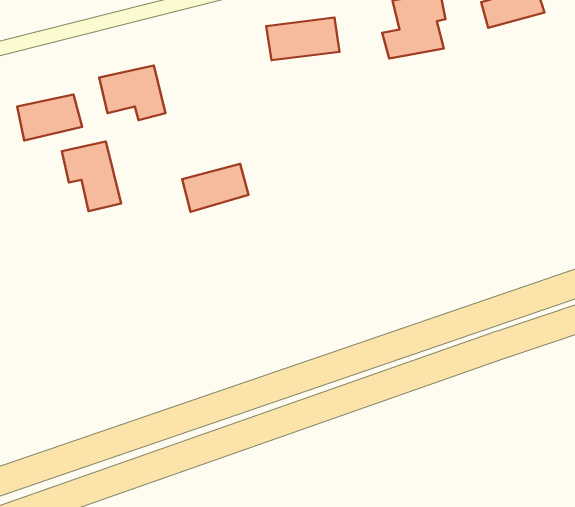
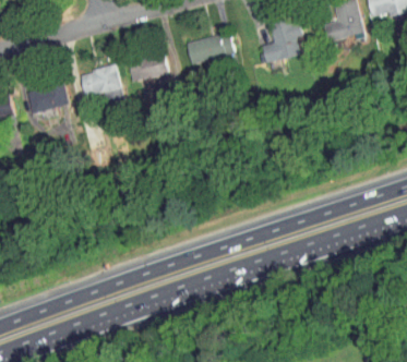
building: [62,141,121,211] -> none
building: [182,164,249,212] -> [125,52,168,83]

